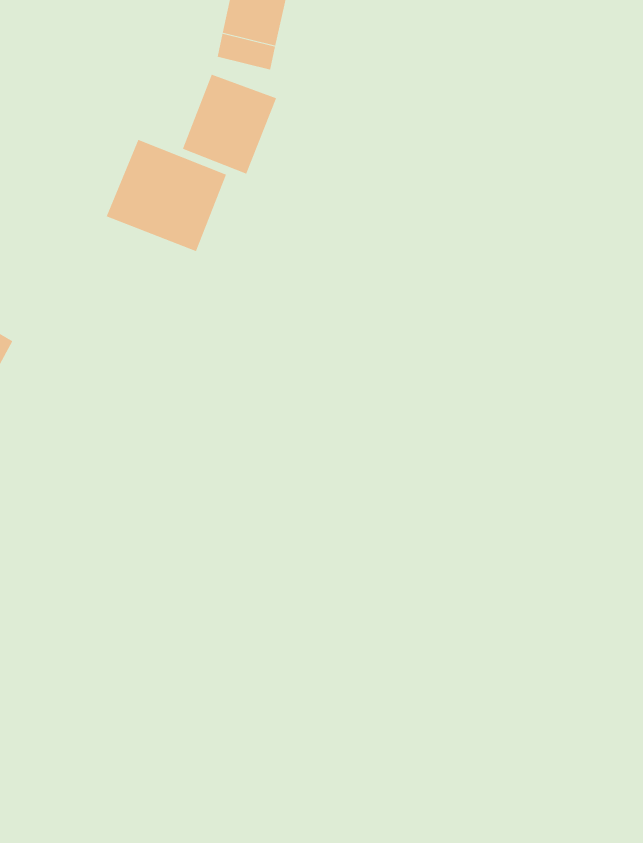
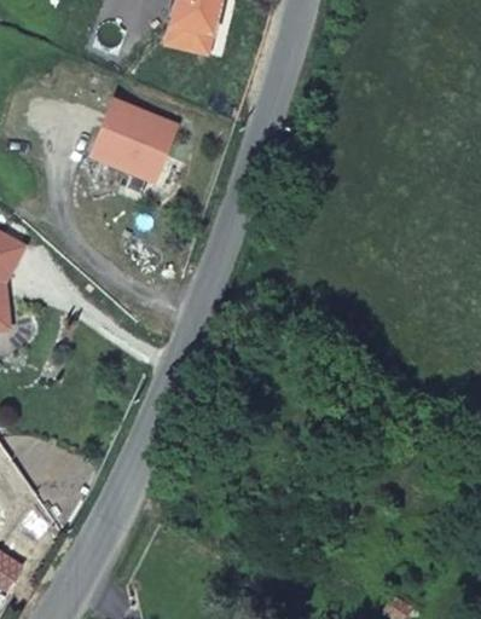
building: [182,74,277,174] -> none

